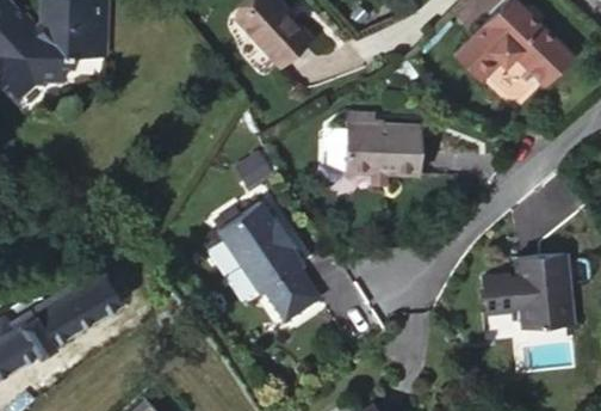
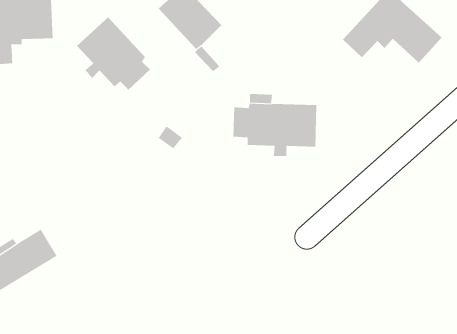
building: none -> [76,17,151,90]
building: [218,202,320,323] -> none
building: [477,257,565,331] -> none

